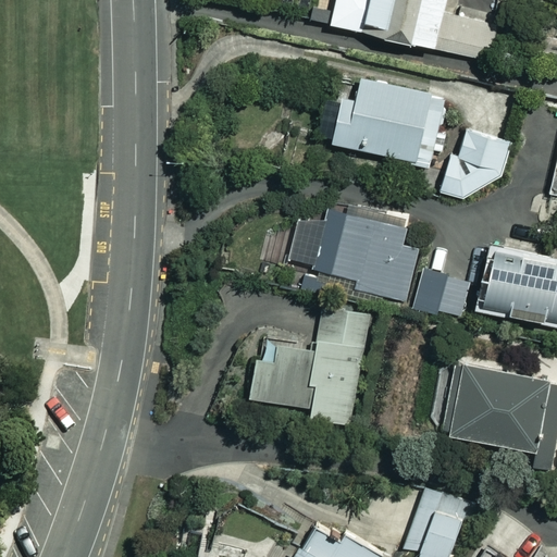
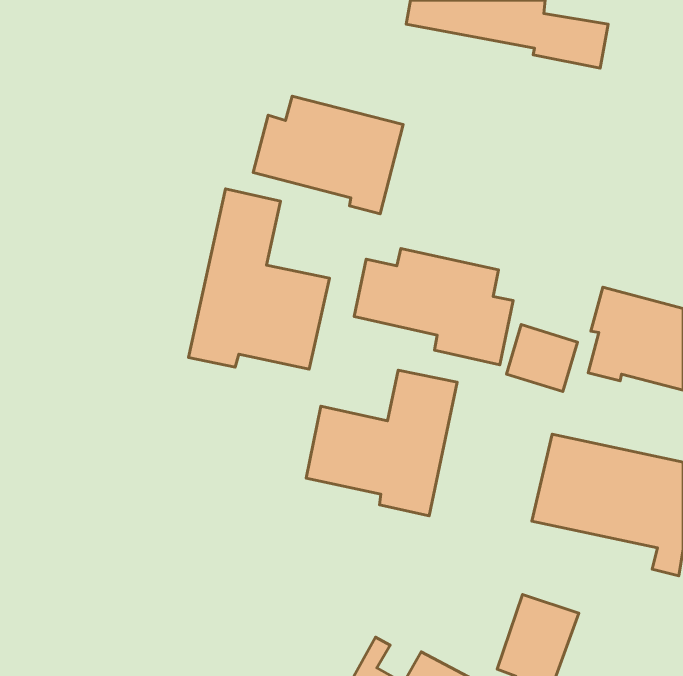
building: [330,78,451,174] -> [253,96,403,214]
building: [440,119,508,199] -> none
building: none -> [189,189,330,369]

